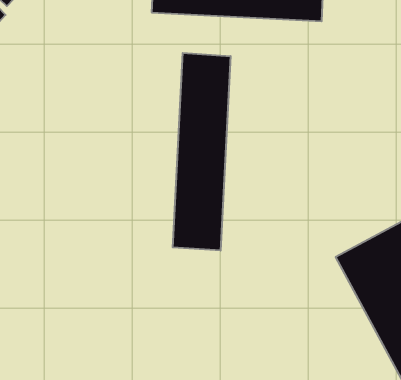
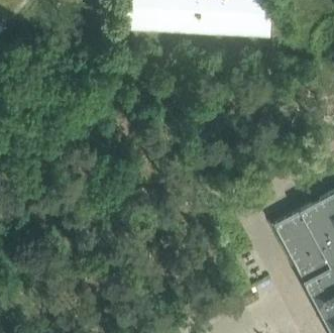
building: [173,53,231,251] -> none

